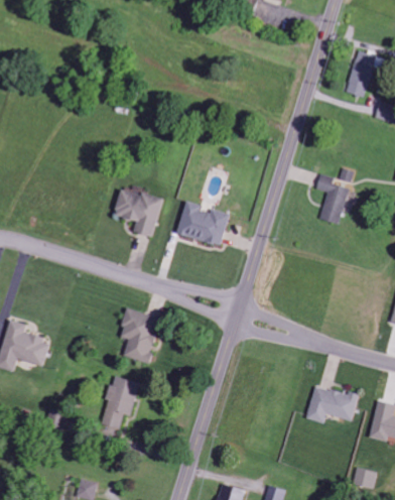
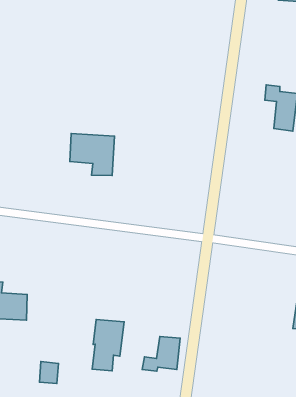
building: [177,201,229,245] -> none
building: [119,309,160,363] -> none
building: none -> [142,336,180,371]

